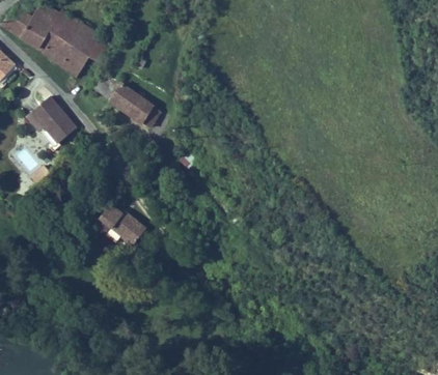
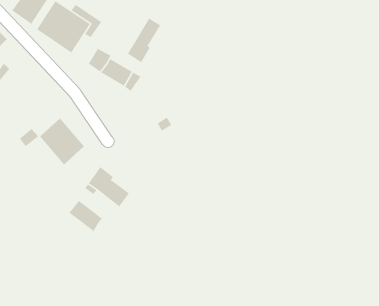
building: none -> [127,17,161,63]
building: [25,96,75,148] -> [39,118,85,165]
building: none -> [68,200,103,232]

